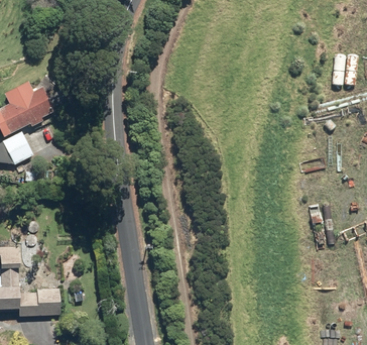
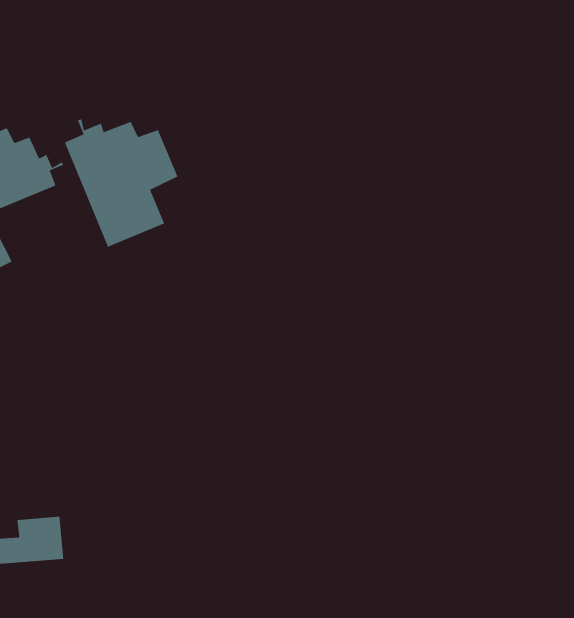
building: none -> [64,118,178,248]

